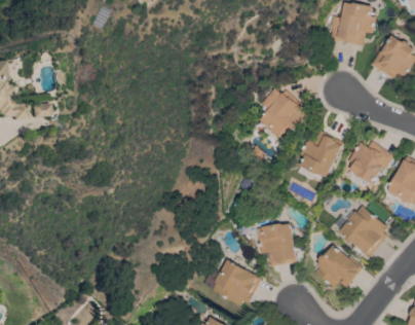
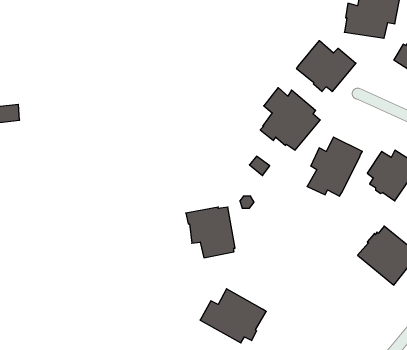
building: none -> [297,41,356,92]
building: [255,223,297,266] -> [186,207,235,258]
building: [313,245,363,288] -> none

